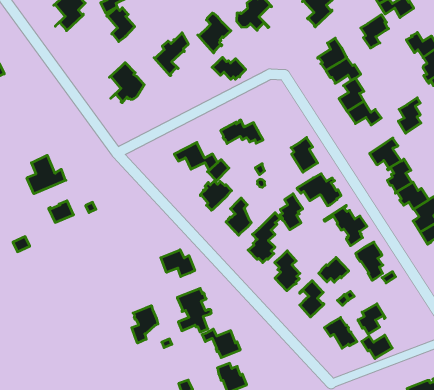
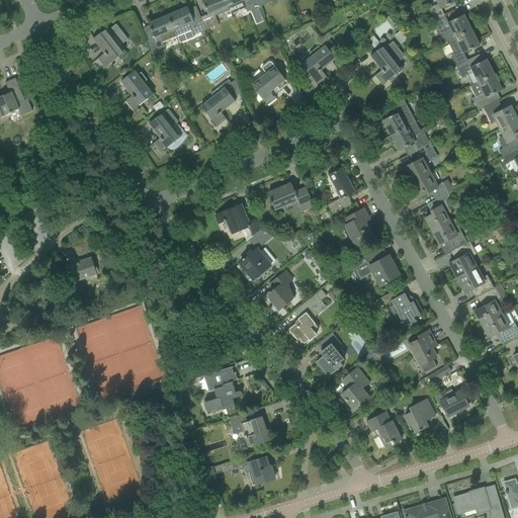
building: [107,7,135,42] -> [122,71,153,109]
building: [361,15,389,48] -> [469,73,501,109]
building: [212,57,246,79] -> none
building: [398,98,421,133] -> [425,192,451,231]
building: none -> [326,167,354,214]
building: [27,155,66,194] -> none
building: [280,194,303,230] -> none
building: [161,250,195,277] -> none
building: [319,257,349,282] -> none
building: [132,306,158,343] -> none
building: [362,335,392,359] -> [435,390,468,415]

